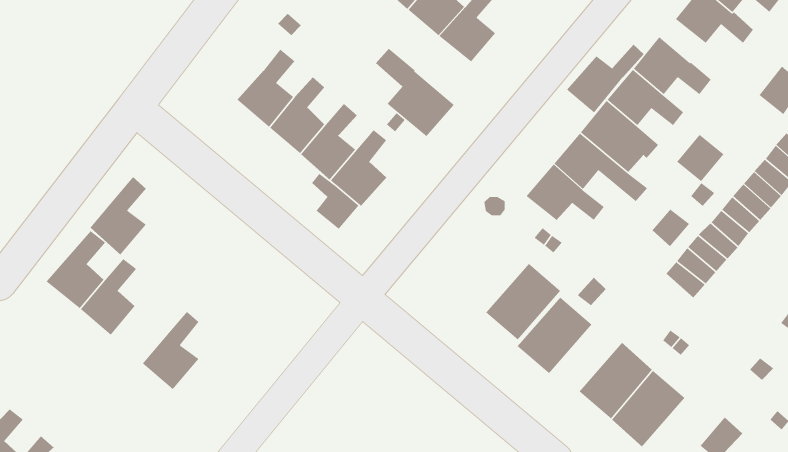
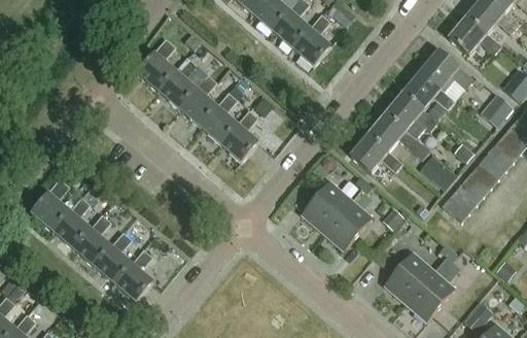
building: none -> [138,38,177,90]
building: [566,44,645,113] -> none
building: [375,48,455,137] -> none
building: [676,134,724,182] -> [481,94,513,126]
building: [311,173,359,230] -> none
building: [89,176,147,255] -> [75,212,113,265]
building: [517,296,593,374] -> [302,179,352,231]
building: none -> [116,247,154,299]

